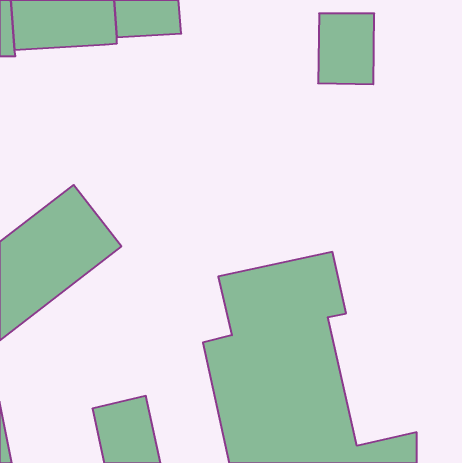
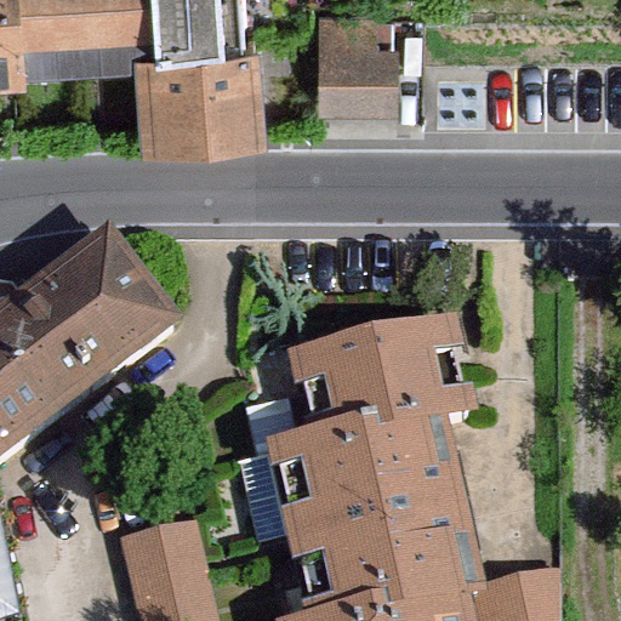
building: [318,13,374,84] -> [321,19,397,114]
building: none -> [141,45,258,141]

